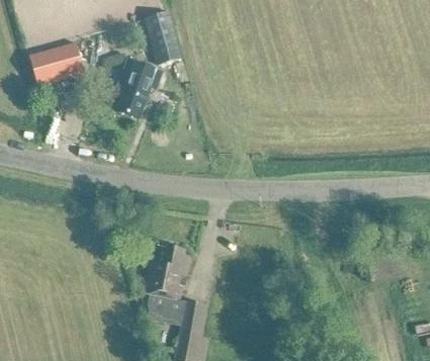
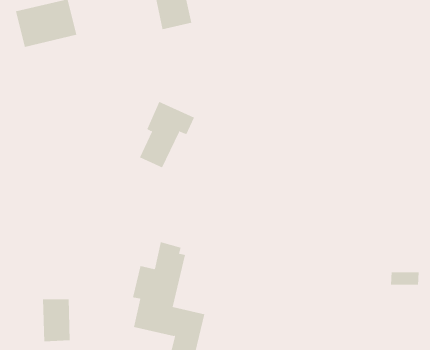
building: [118,62,164,118] -> [139,101,195,168]
building: none -> [43,299,70,342]

